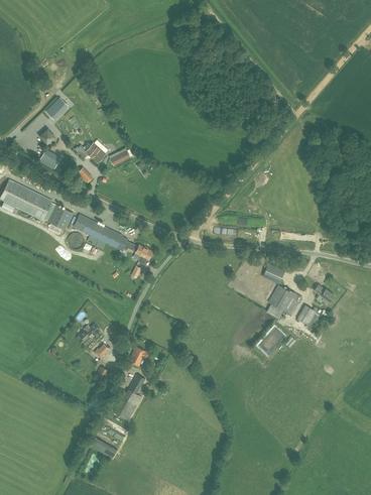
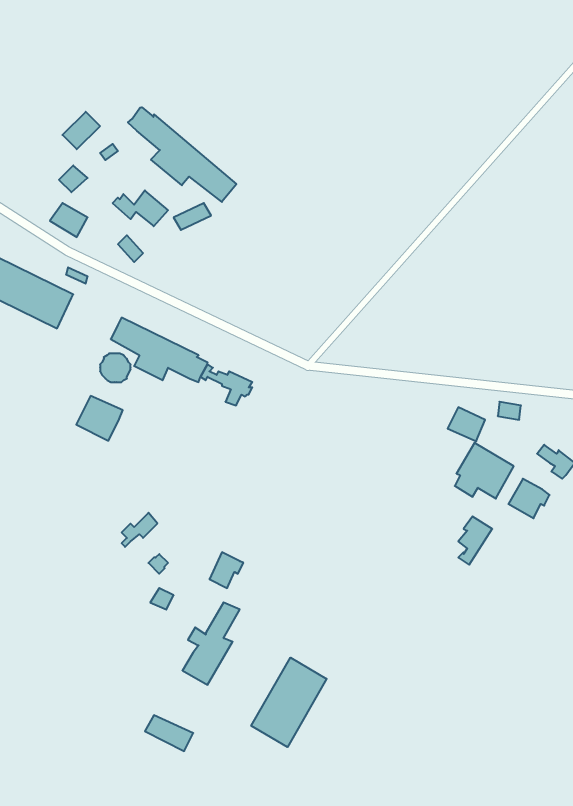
building: none -> [128,107,236,202]
building: [46,205,73,230] -> [76,396,123,441]
building: none -> [251,658,327,747]

